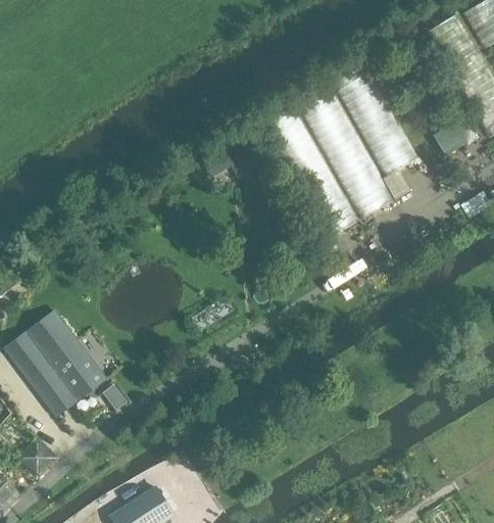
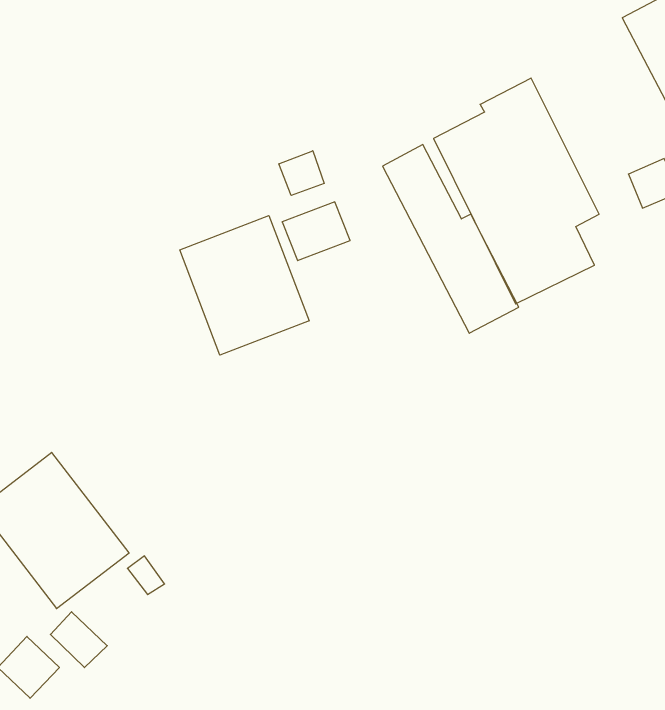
building: none -> [279,151,324,195]
building: none -> [180,216,309,355]
building: none -> [50,612,107,668]

